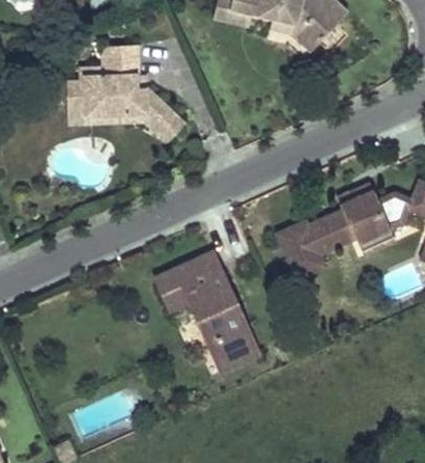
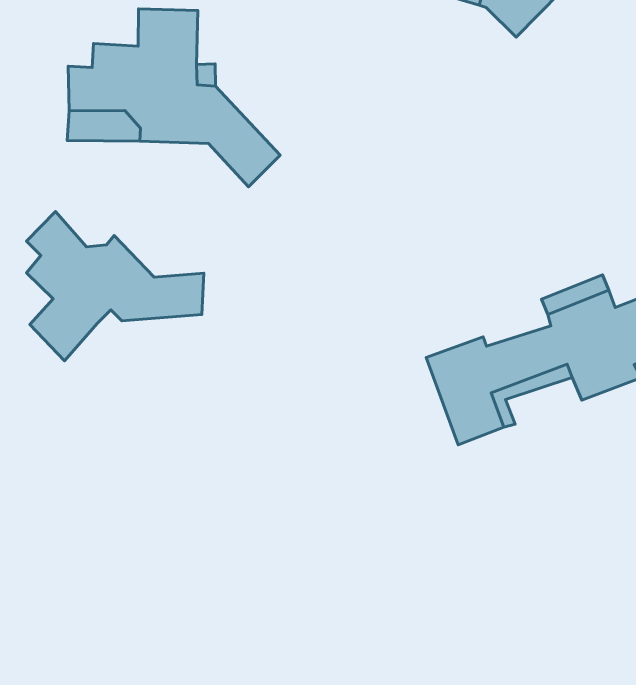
building: none -> [27,211,204,361]
building: [157,250,258,371] -> none

